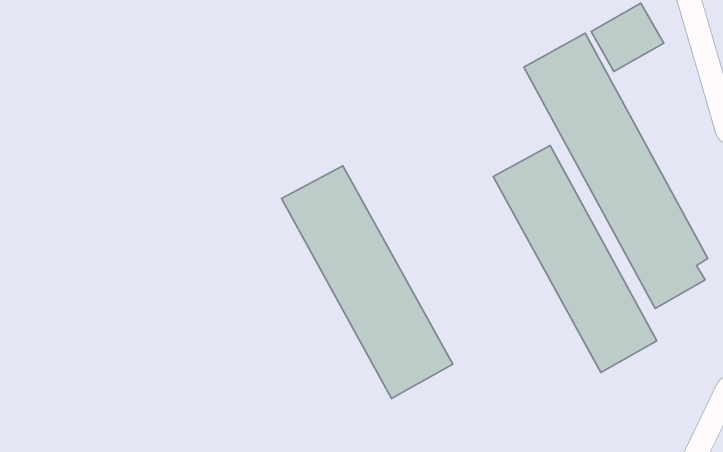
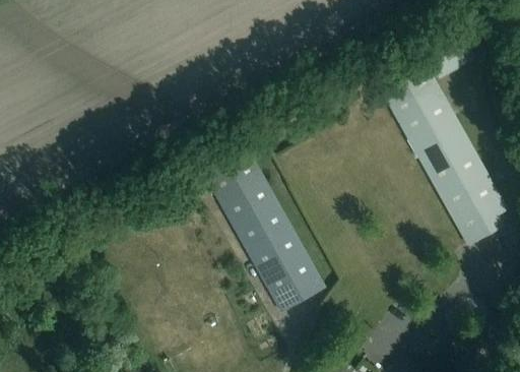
building: [493,146,657,372] -> none

